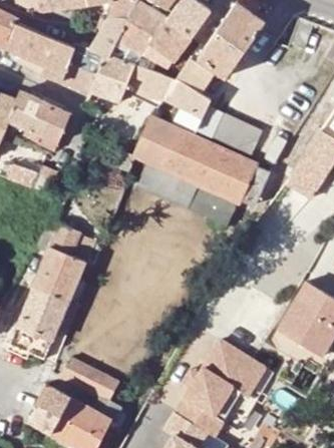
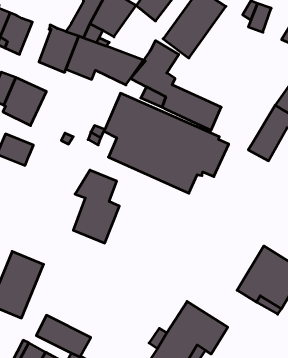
building: [144,20,190,67] -> none
building: [42,38,76,81] -> none
building: [34,221,84,301] -> [73,170,119,243]

